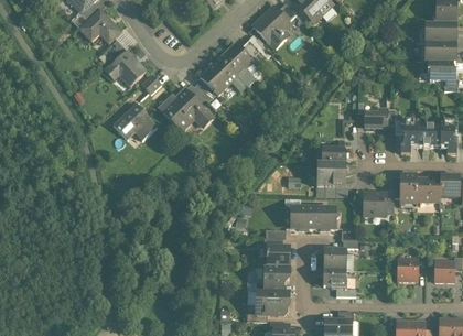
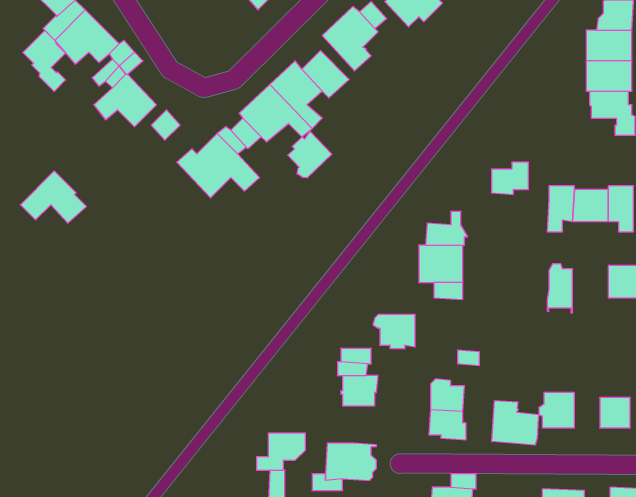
building: none -> [23,30,66,91]
building: none -> [288,131,332,178]
building: [114,104,157,138] -> [20,171,86,223]
building: [417,180,440,200] -> none
building: [364,193,386,216] -> none
building: [314,207,338,229] -> none
building: none -> [492,401,539,445]
building: [257,267,289,291] -> [256,433,305,470]

